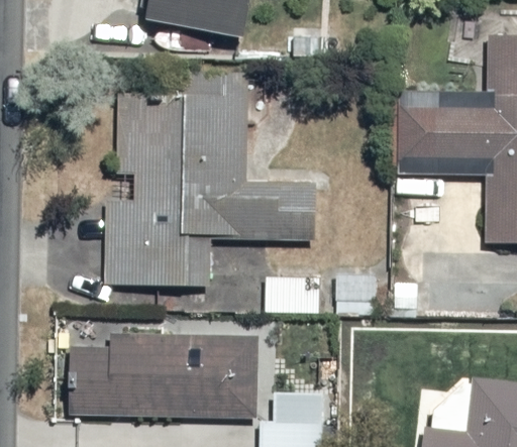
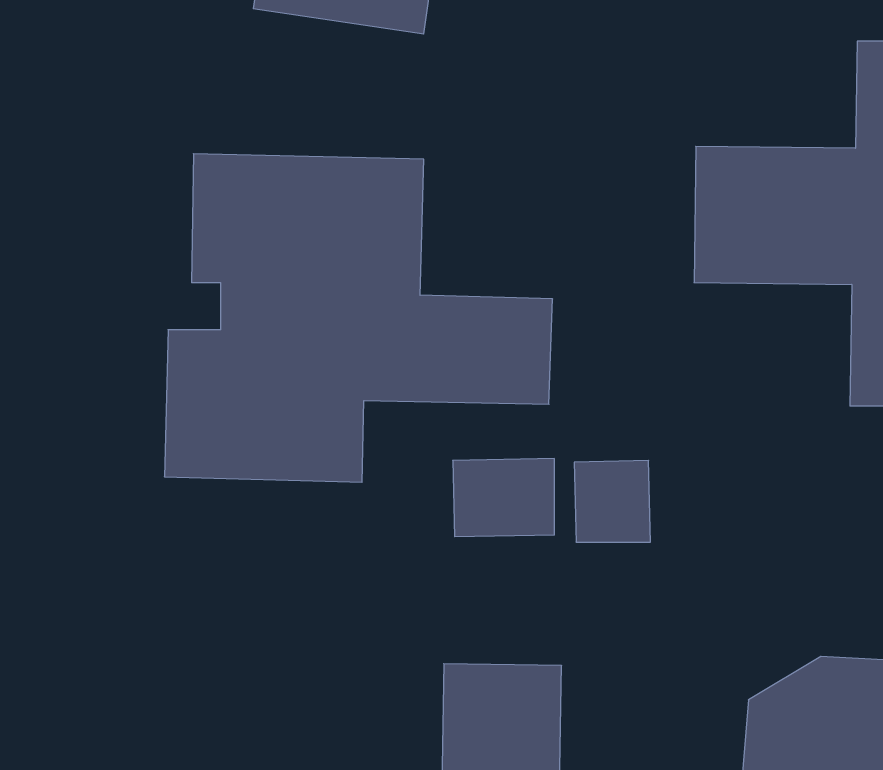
building: [72,330,256,435] -> none

